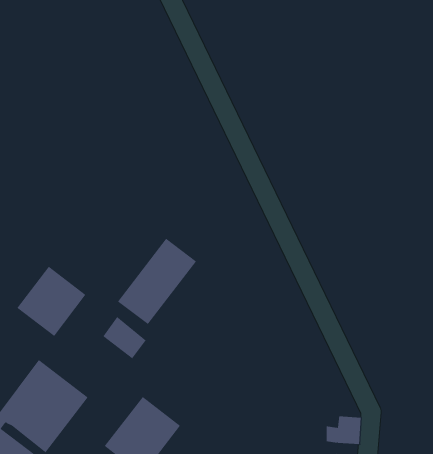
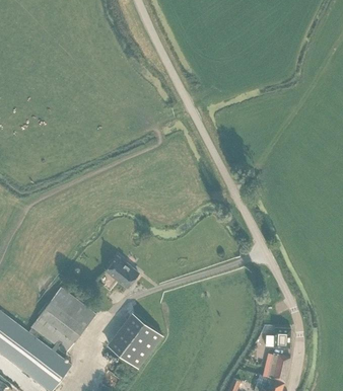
building: [117,238,197,325] -> none
building: [17,266,86,337] -> none

